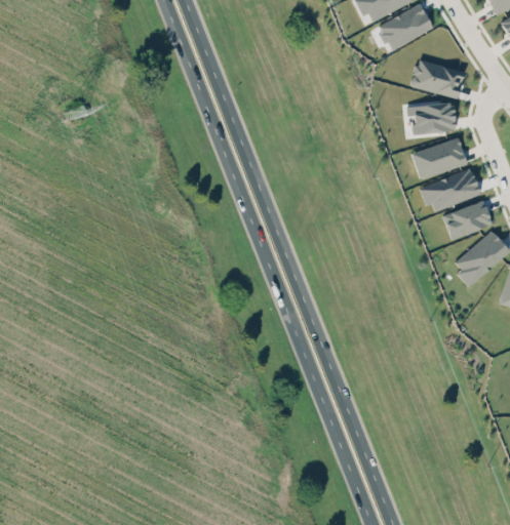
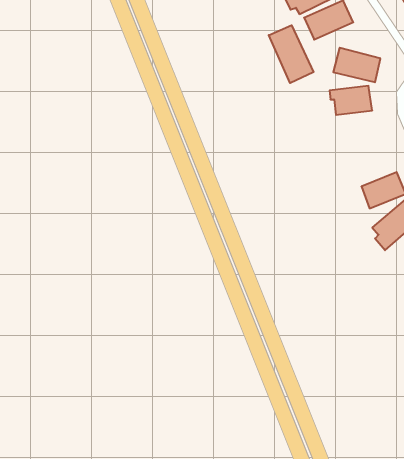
building: none -> [269,25,314,83]
building: [411,137,467,178] -> none
building: [420,168,480,210] -> none

